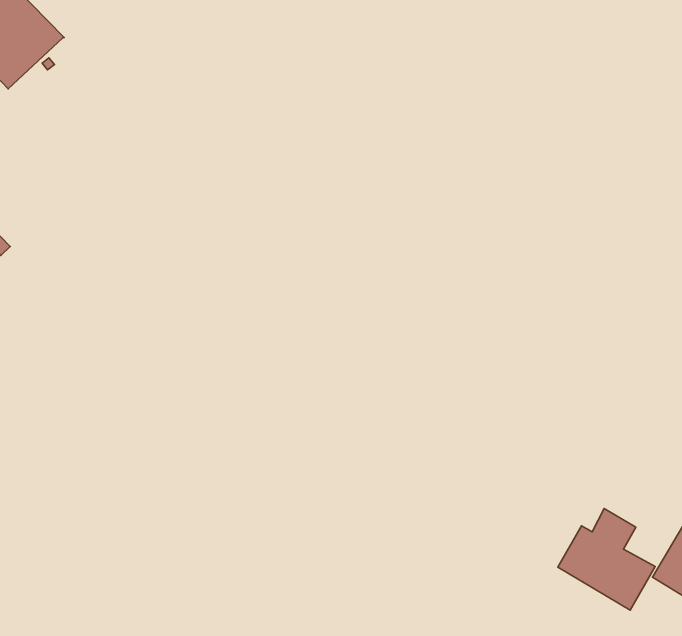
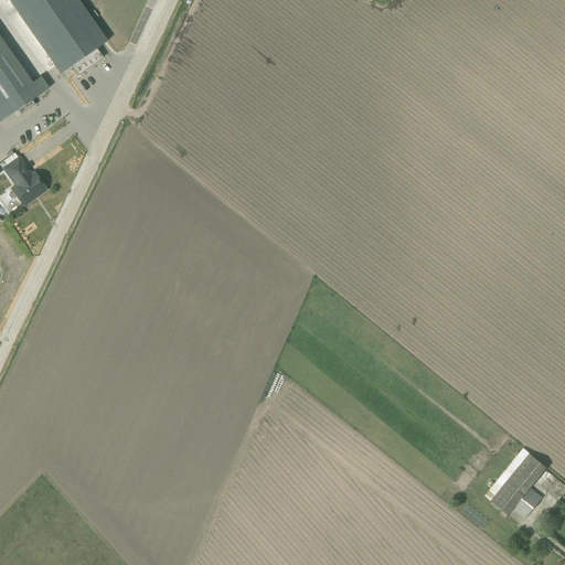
building: [558,508,655,610] -> none

